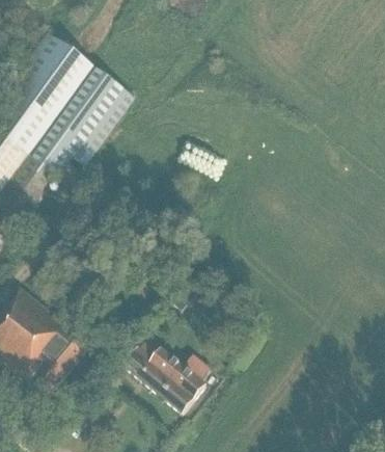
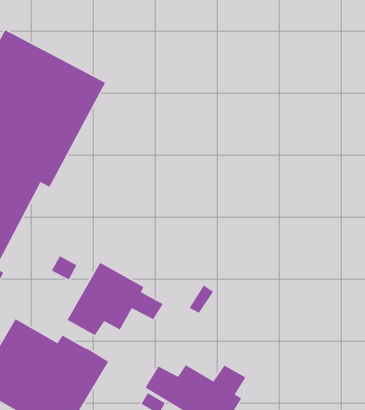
building: none -> [67,262,164,336]

